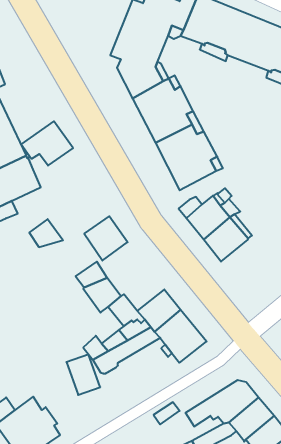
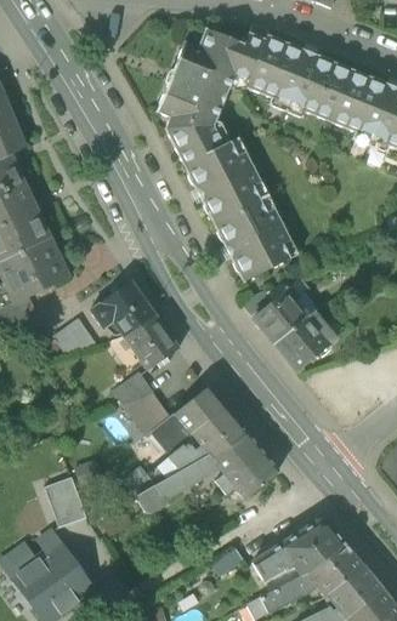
building: [21,121,73,166] -> [90,280,155,336]
building: none -> [174,386,225,433]
building: [66,354,100,395] -> [44,475,86,526]

